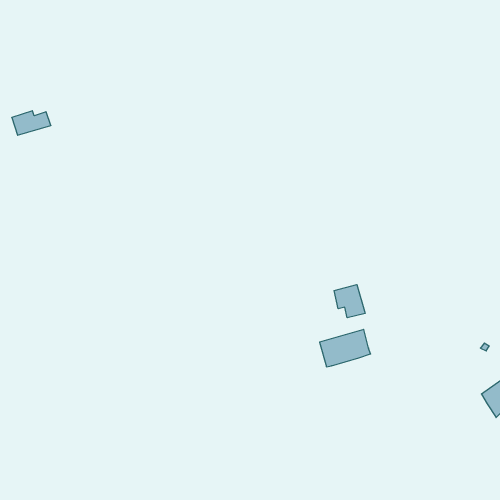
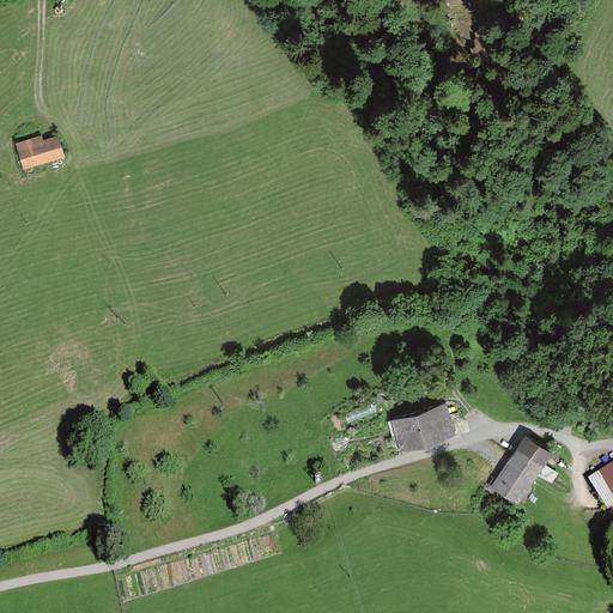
building: [334,285,365,318] -> none
building: none -> [488,438,551,500]

